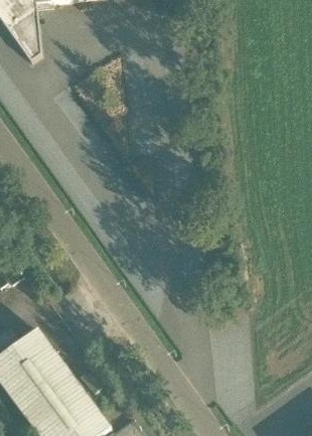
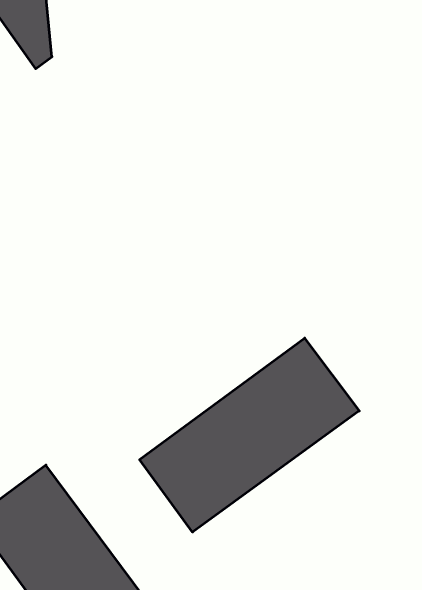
building: none -> [140,338,359,532]

